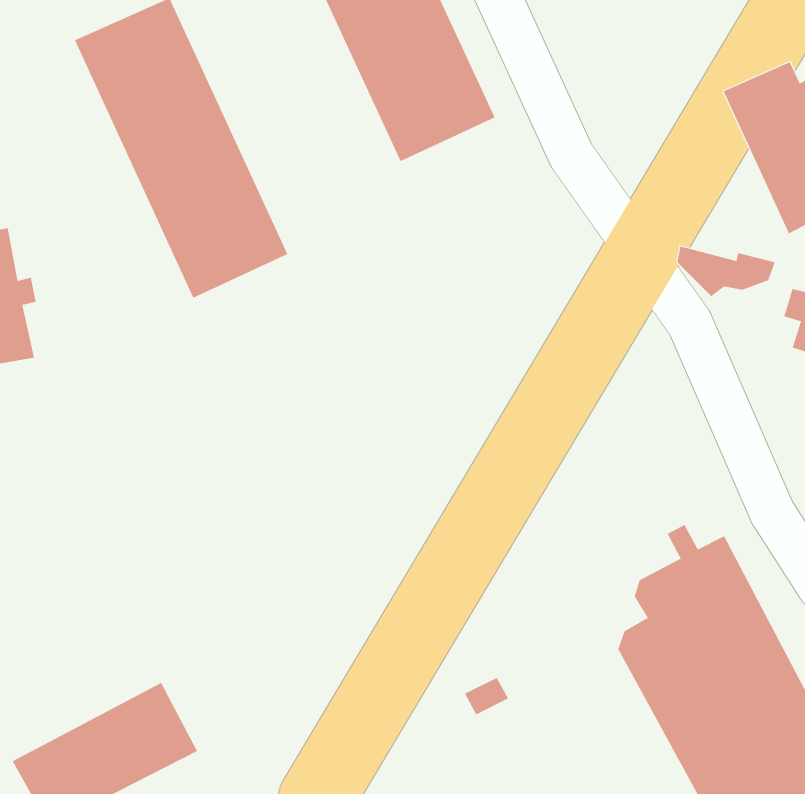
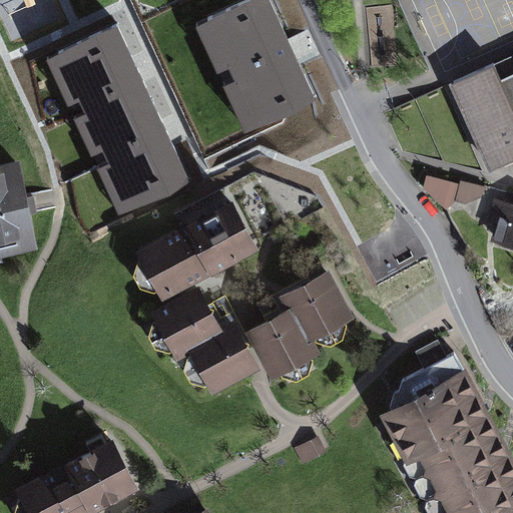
building: none -> [132,204,252,295]
building: none -> [250,275,349,381]
building: none -> [147,291,253,389]

